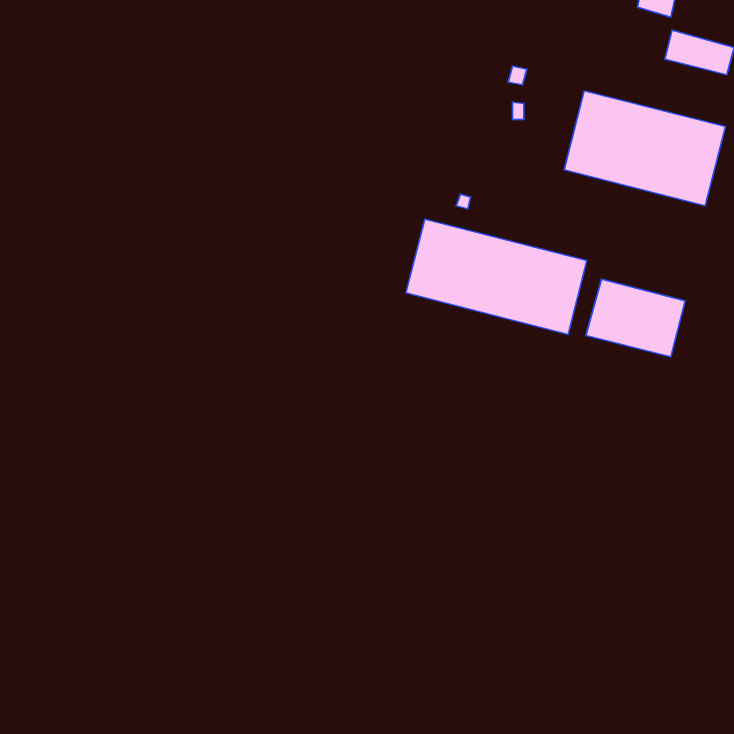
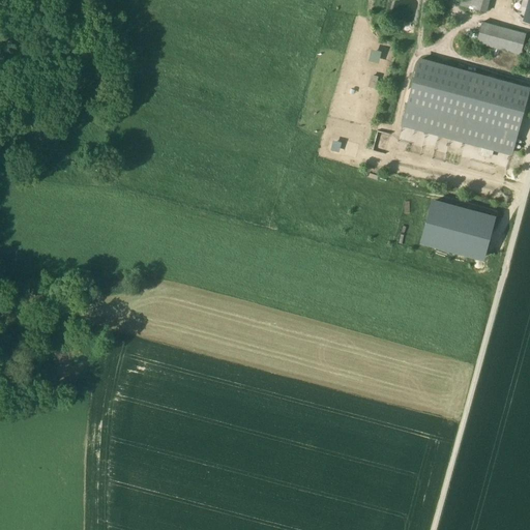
building: [406,219,587,334] -> none

